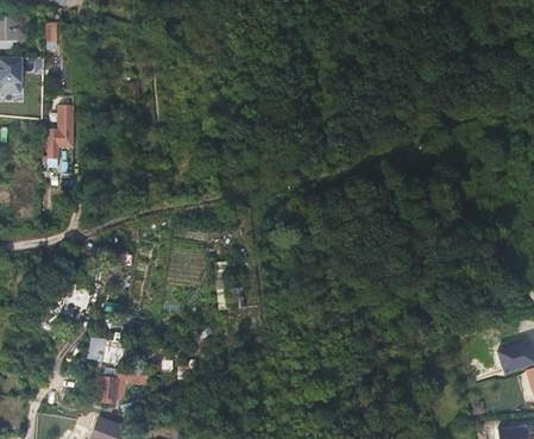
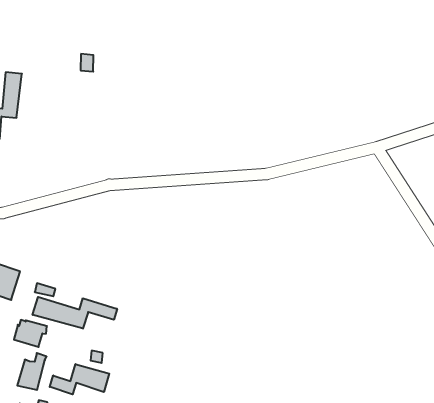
building: none -> [33,297,117,329]
building: none -> [50,364,109,394]

